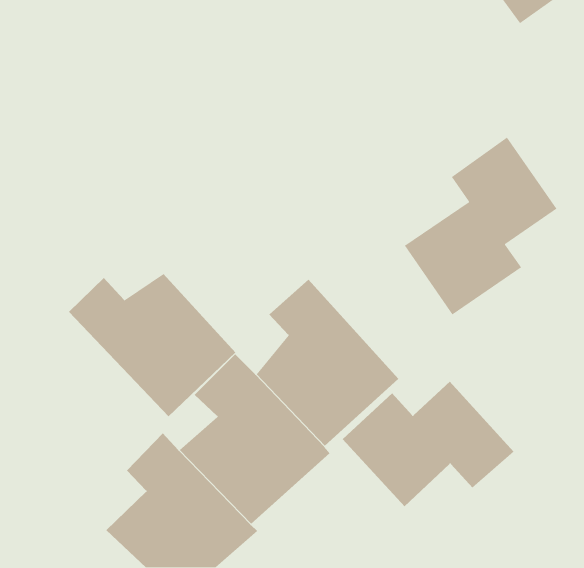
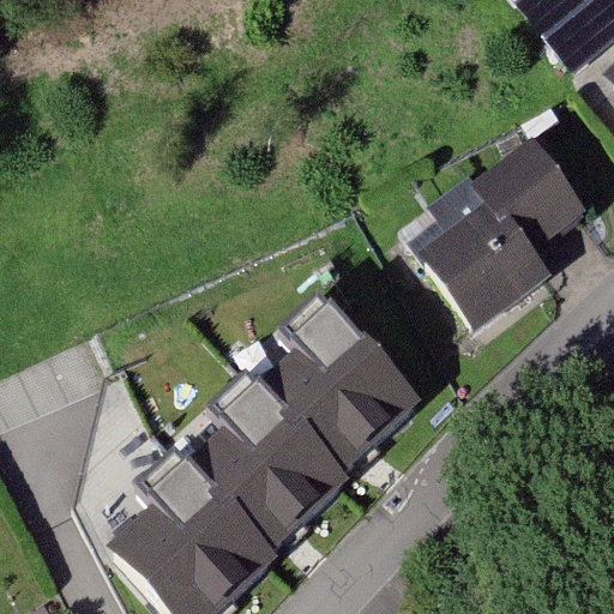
building: [68,273,236,417] -> none
building: [342,381,514,507] -> none

